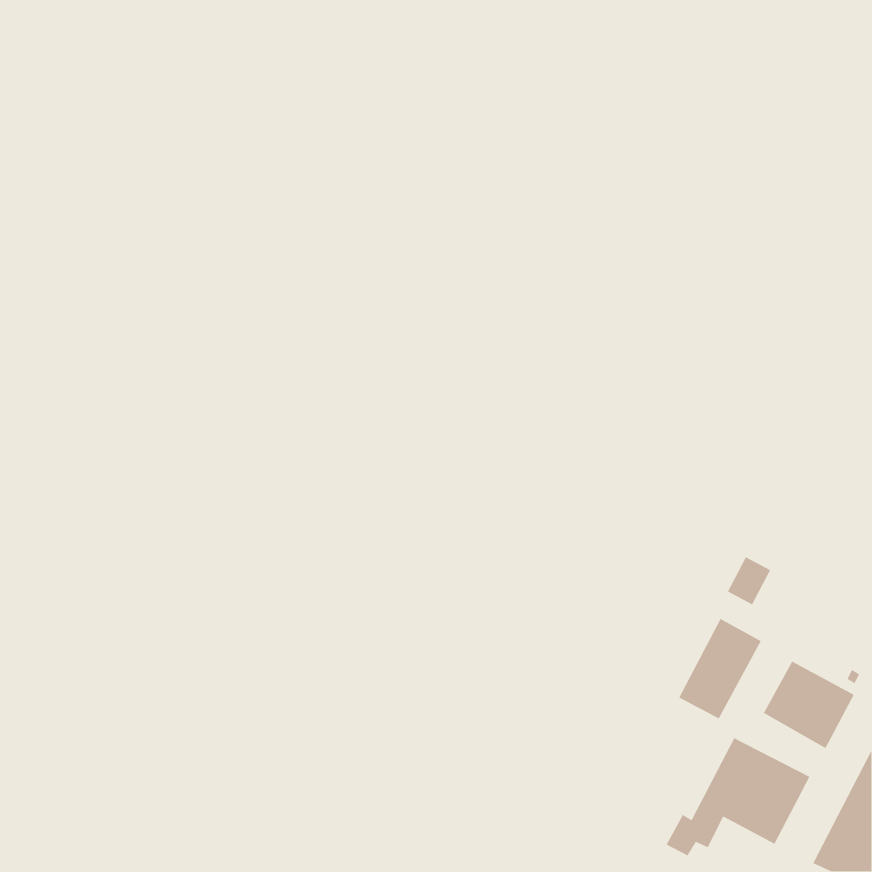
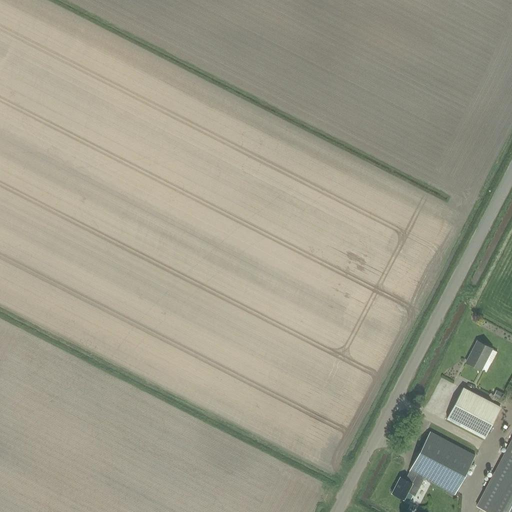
building: [727,556,771,606] -> [466,341,492,370]
building: [678,618,762,720] -> none

